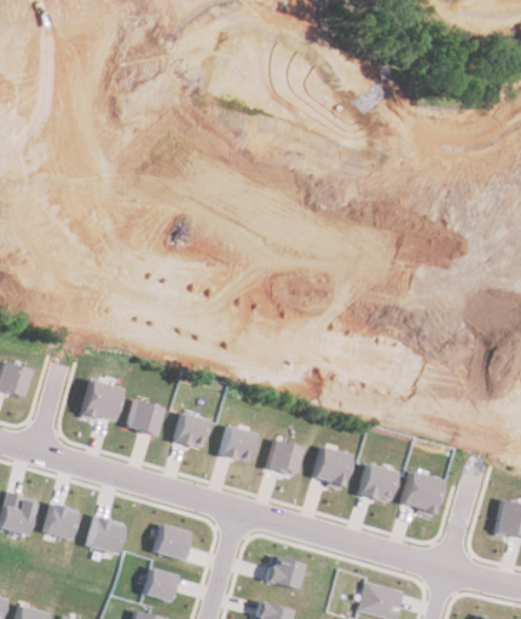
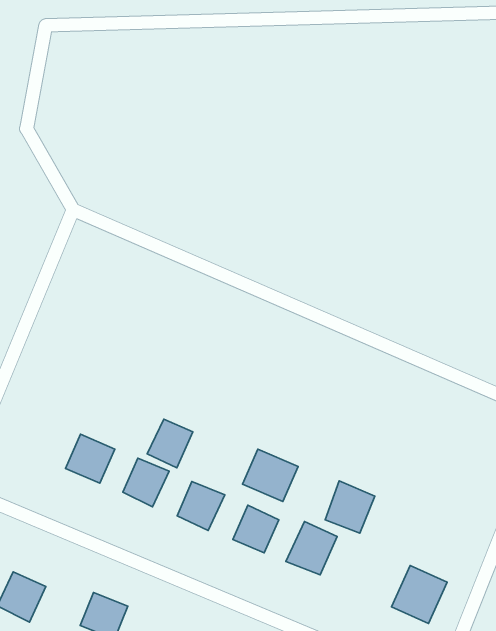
building: none -> [147,419,193,468]
building: [82,378,123,421] -> none
building: none -> [242,449,298,501]
building: [360,463,398,503] -> [325,481,375,533]

